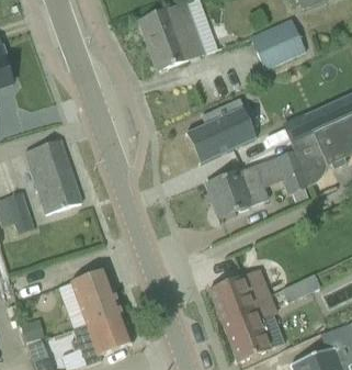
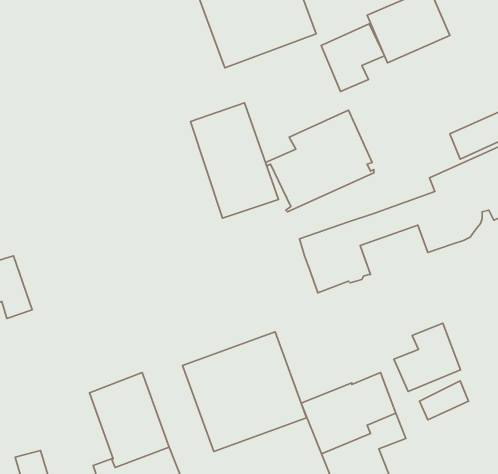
building: none -> [321,24,384,92]
building: [24,139,81,214] -> [190,103,278,218]
building: none -> [394,323,461,392]
building: none -> [183,332,306,452]

